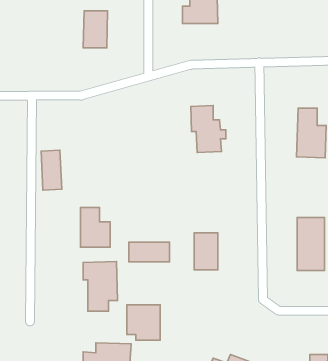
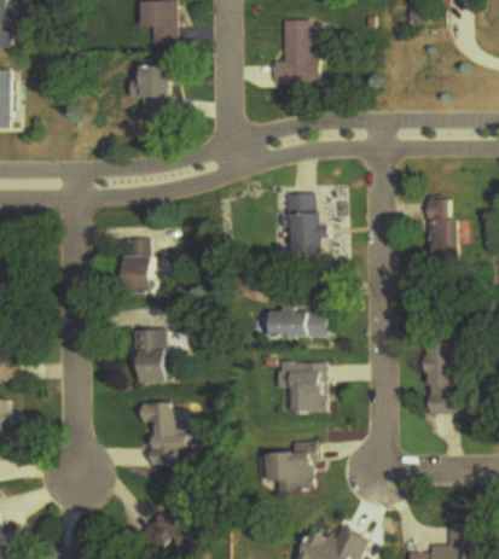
building: [41,150,62,190] -> [121,240,149,293]
building: [129,242,170,262] -> [271,311,325,338]
building: [127,305,160,340] -> [266,443,311,490]

